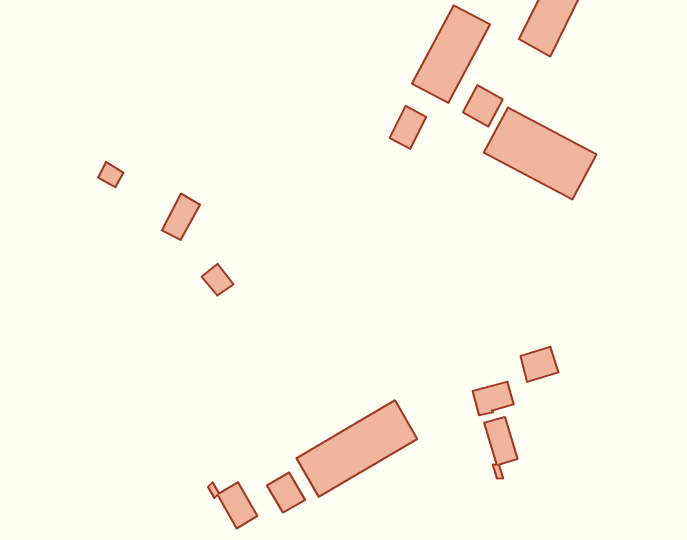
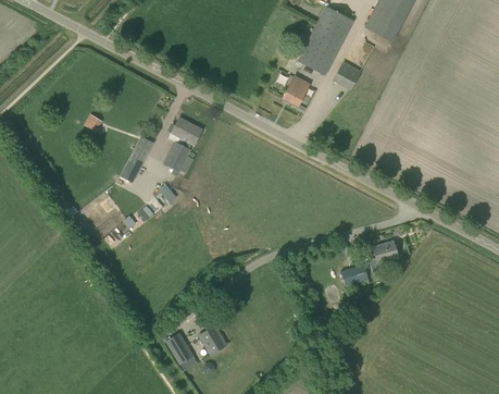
building: [484,107,596,200] -> none
building: none -> [163,118,202,171]
building: [296,400,417,497] -> none
building: [484,417,517,479] -> none

